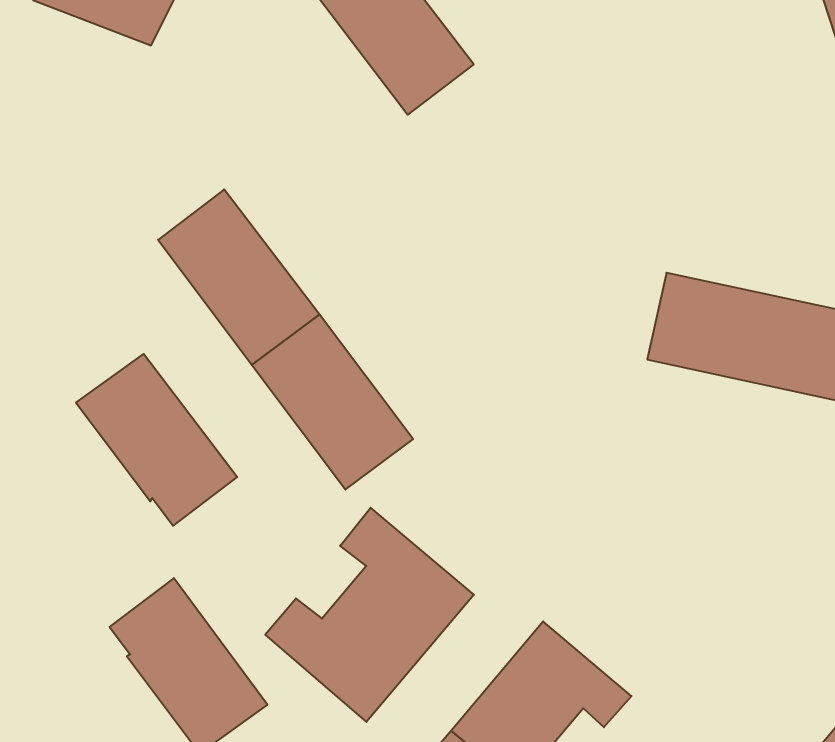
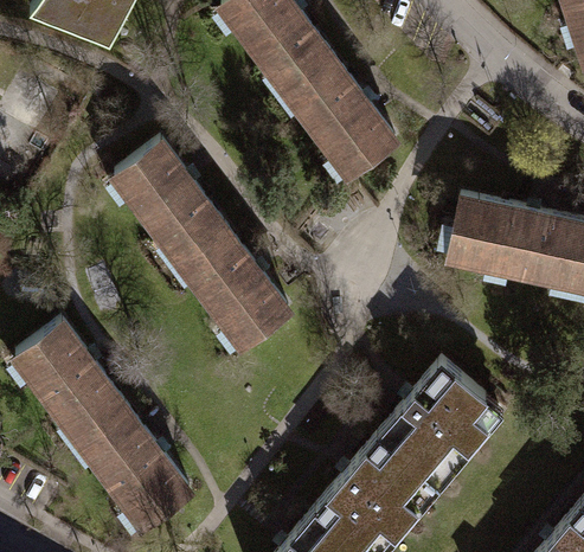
building: none -> [284,58,394,178]
building: [76,354,237,526] -> [14,325,124,442]
building: [265,508,474,722] -> none
building: none -> [377,364,486,489]

